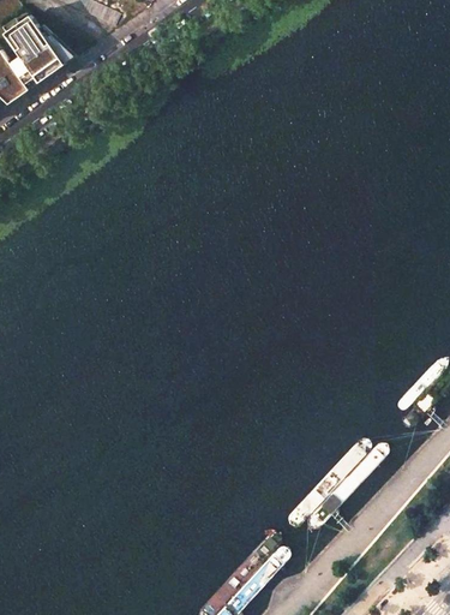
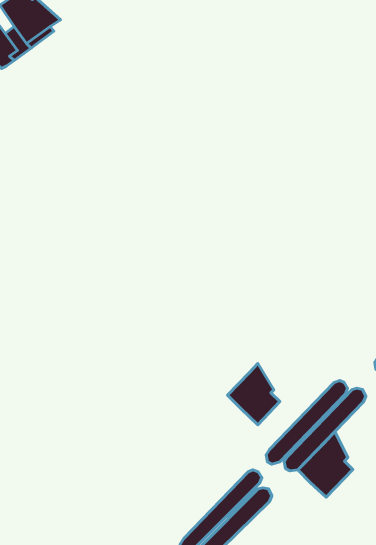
building: none -> [227,364,280,425]
building: none -> [298,432,353,497]

